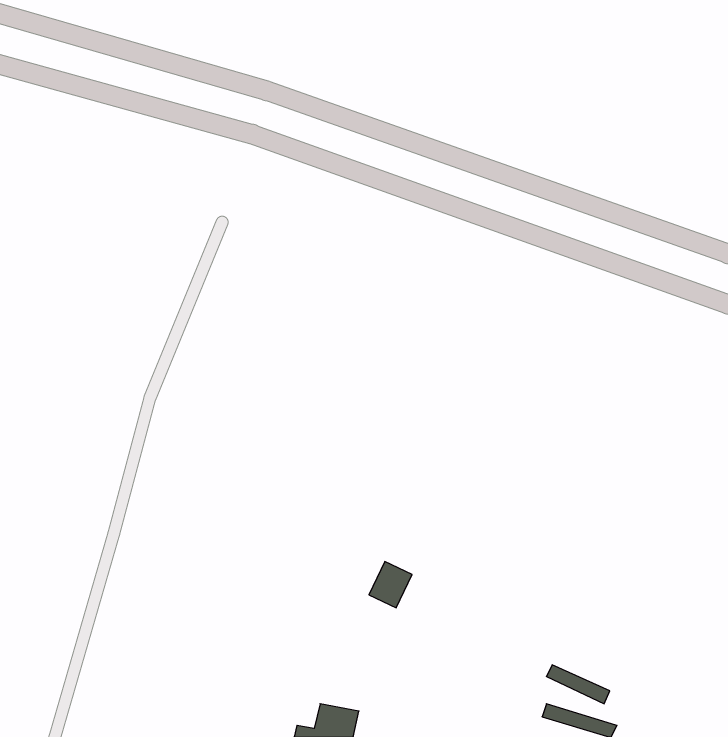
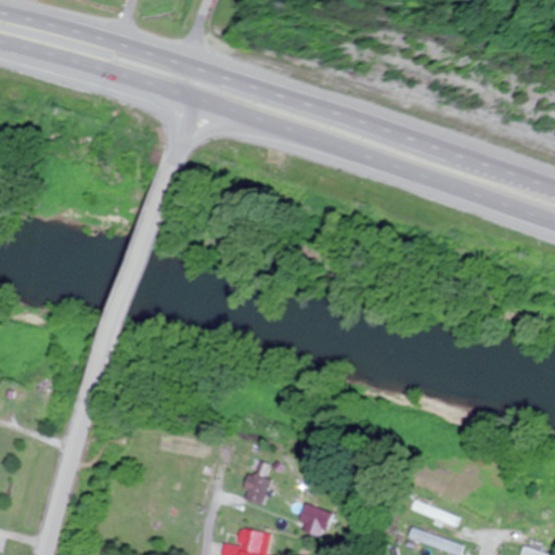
building: [369,562,412,608] -> [240,472,272,506]
building: none -> [298,504,332,530]

